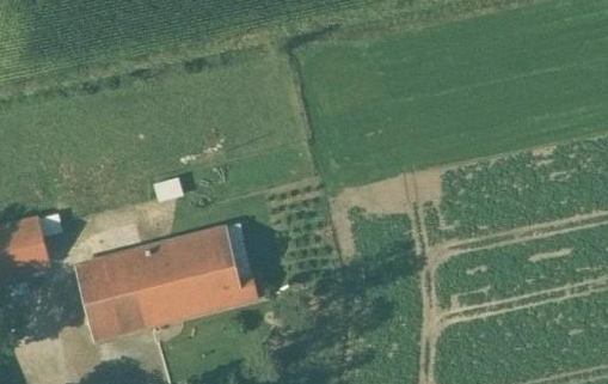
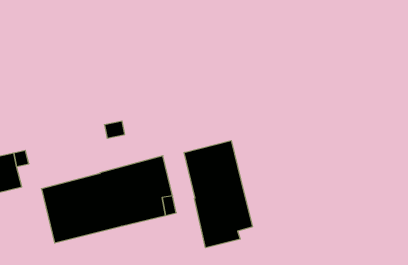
building: none -> [184,141,253,248]

